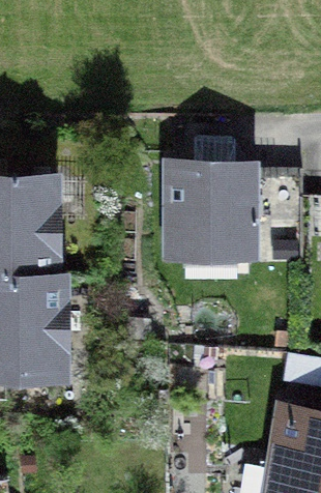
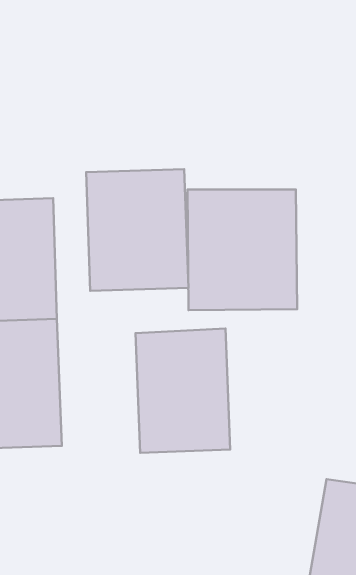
building: none -> [86,169,188,291]
building: none -> [136,329,230,453]

